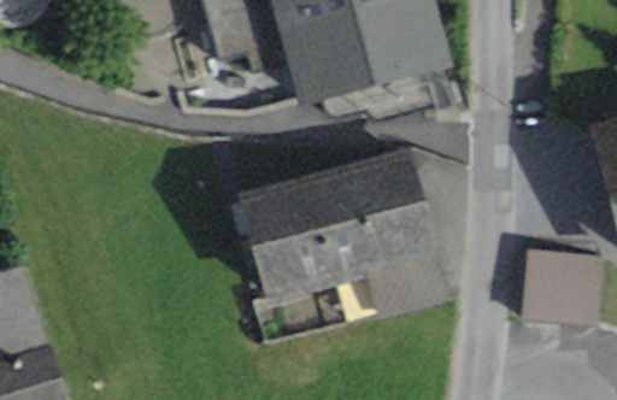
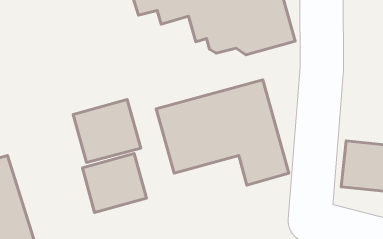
building: none -> [73,99,141,162]
building: none -> [83,153,147,212]

